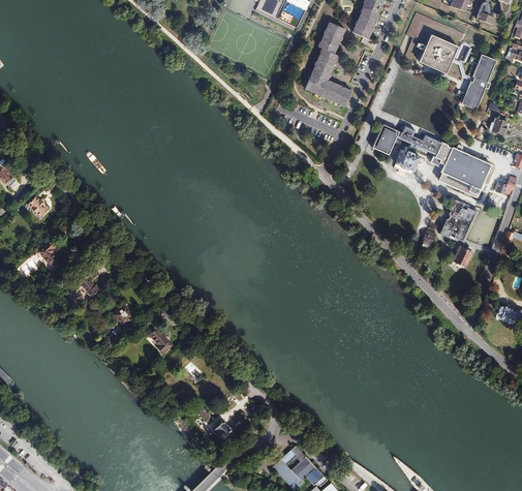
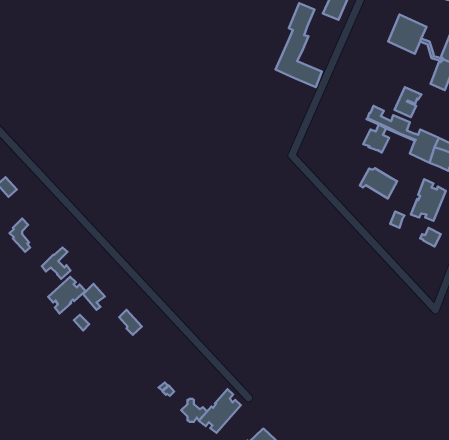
building: [370,123,397,153] -> [394,87,421,117]
building: none -> [360,168,397,198]
building: none -> [48,277,86,313]
building: none -> [199,389,241,433]

